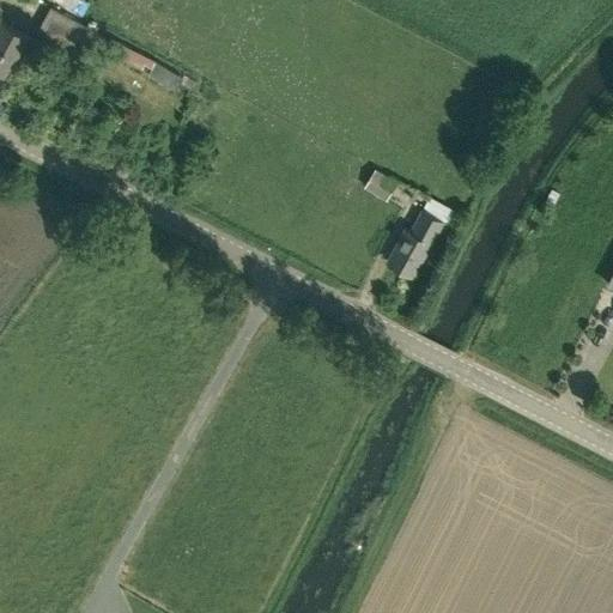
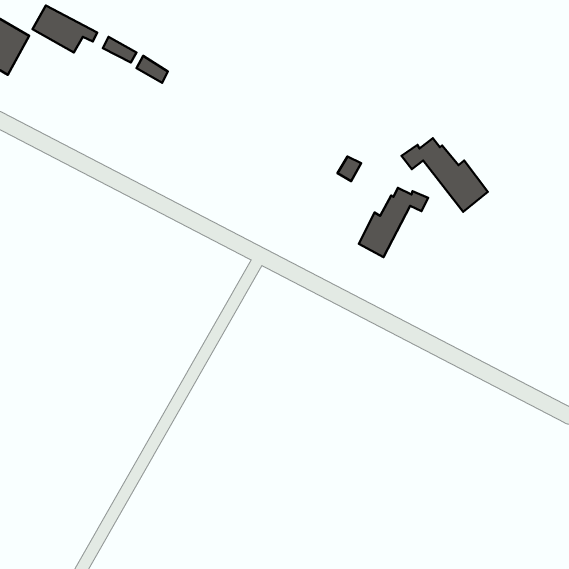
building: none -> [402,138,488,212]

